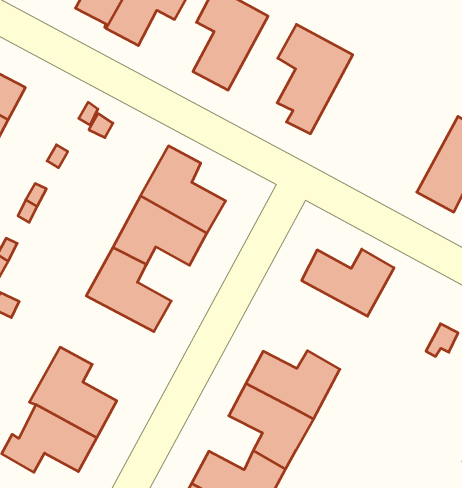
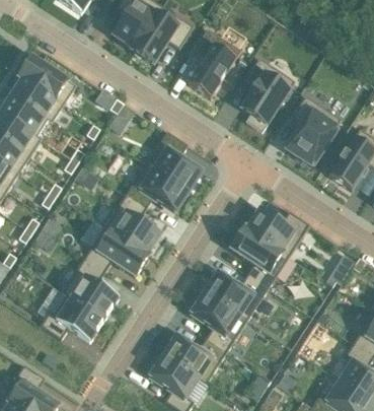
building: none -> [286,95,340,164]
building: none -> [230,226,288,288]
building: none -> [83,225,148,275]

